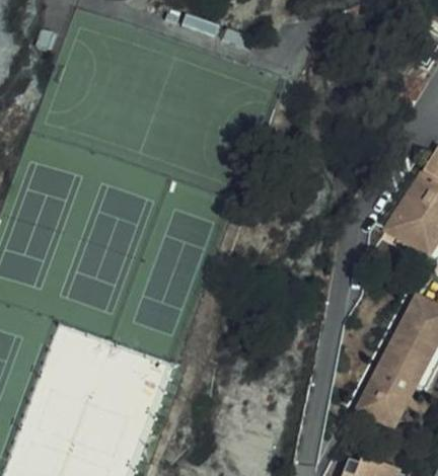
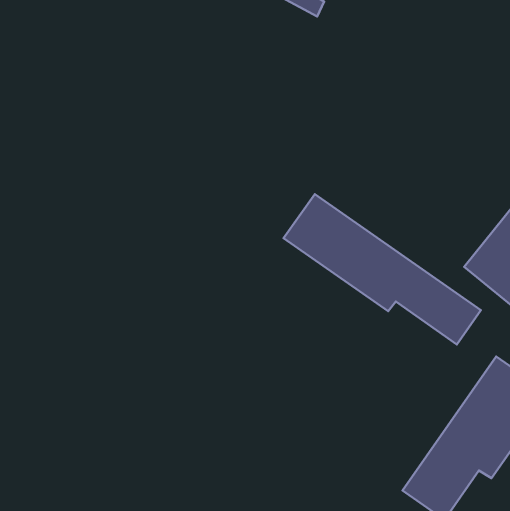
building: none -> [284,194,481,345]

